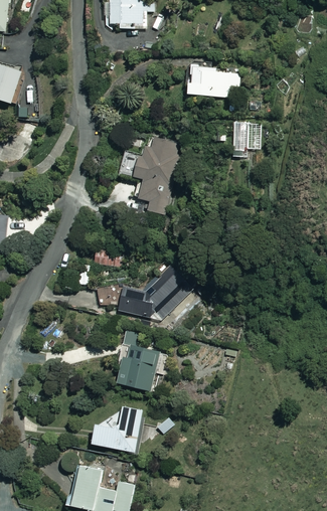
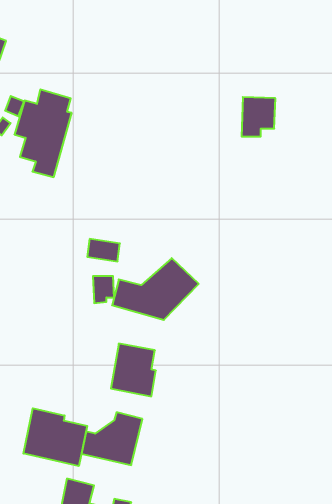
building: [184,63,240,98] -> none
building: [130,136,181,214] -> [14,89,72,177]
building: none -> [23,408,87,466]

